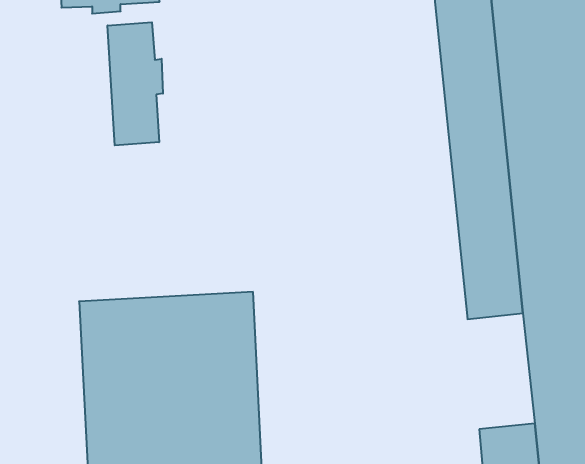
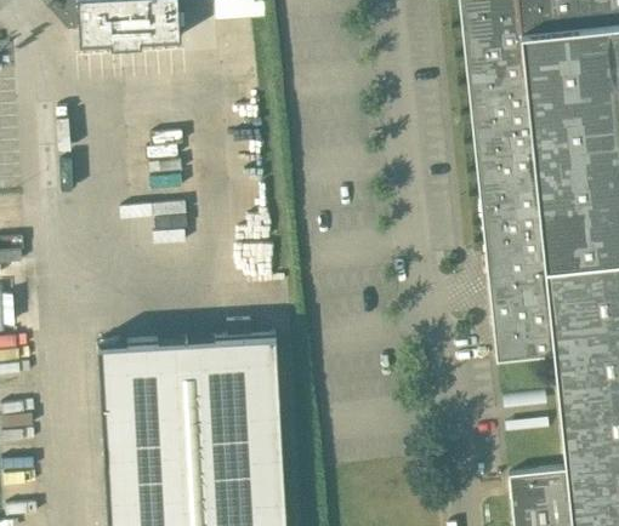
building: [108,22,163,145] -> none

